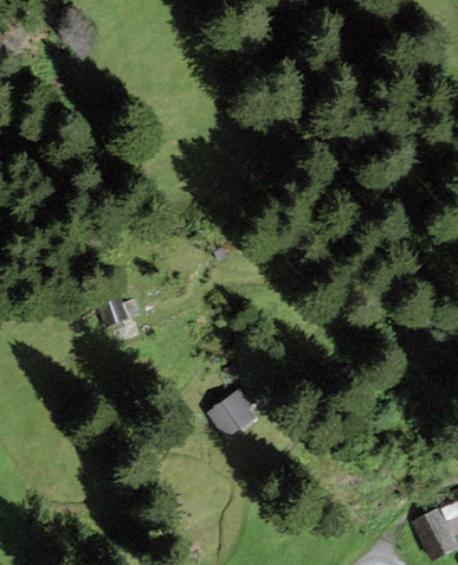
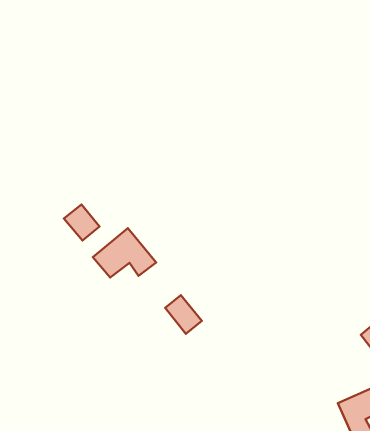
building: none -> [93,228,156,278]

